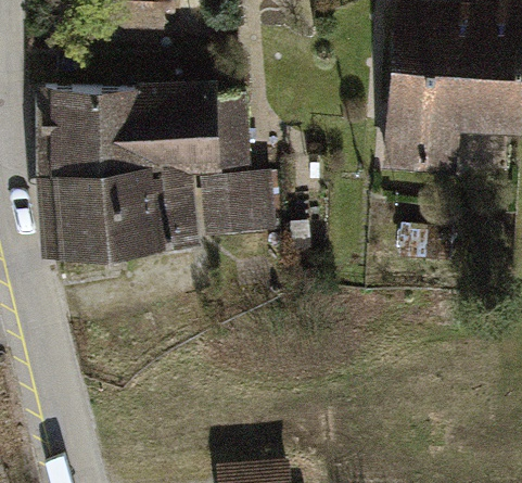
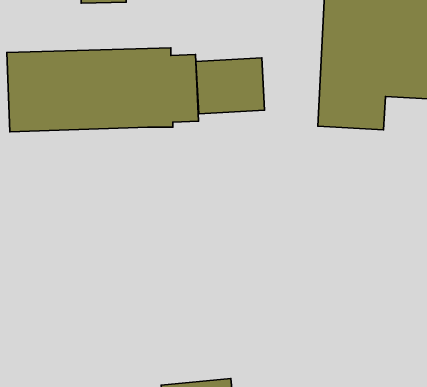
building: [36,174,198,262] -> none
building: [201,174,279,238] -> [196,58,265,114]

